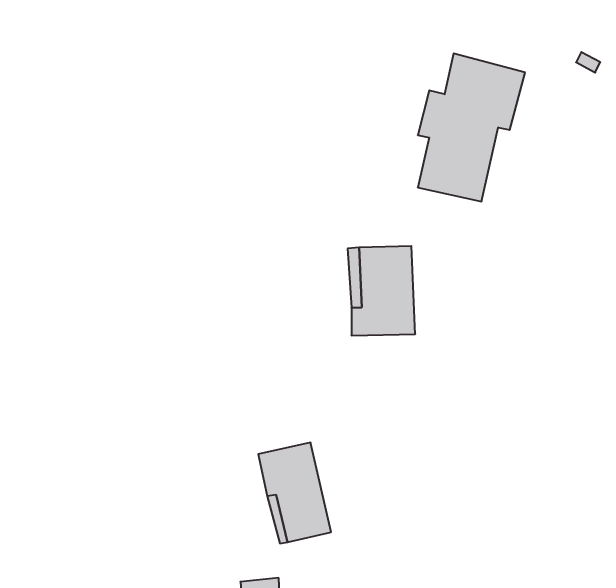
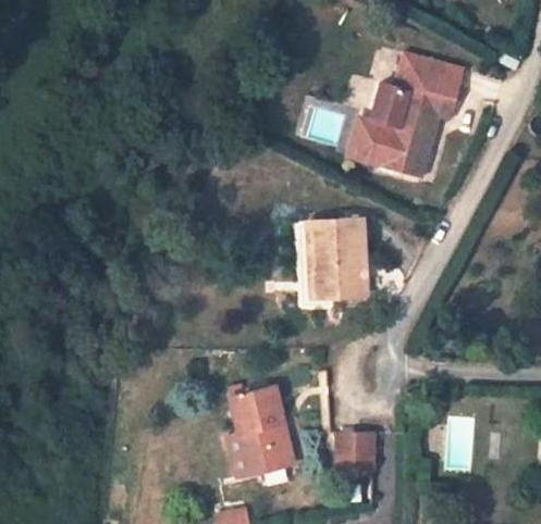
building: none -> [344,122,377,170]
building: none -> [335,427,377,463]

